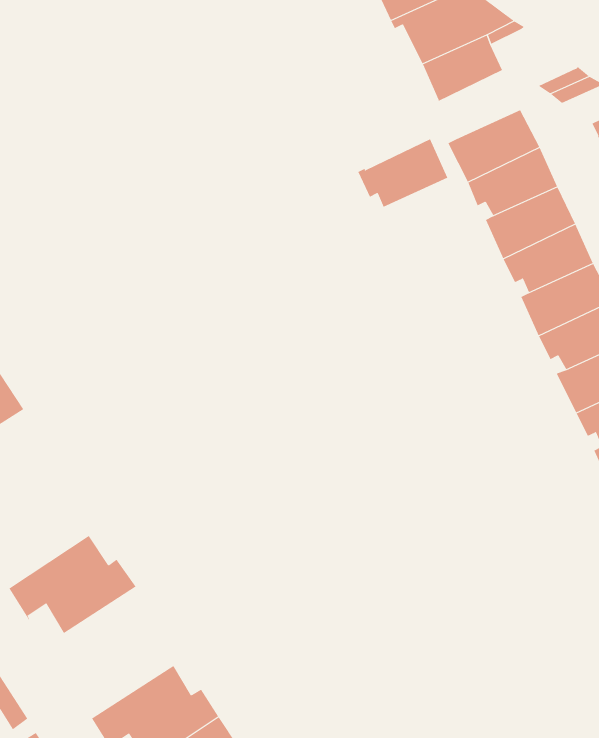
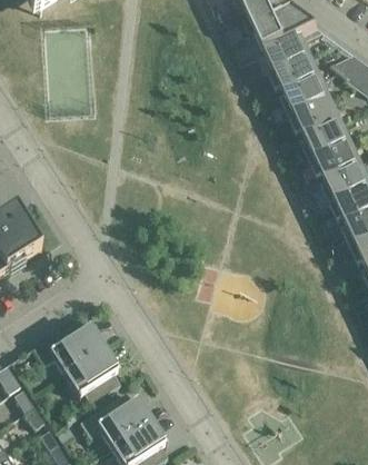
building: [358,138,448,207] -> [270,57,321,96]
building: none -> [63,348,120,404]

